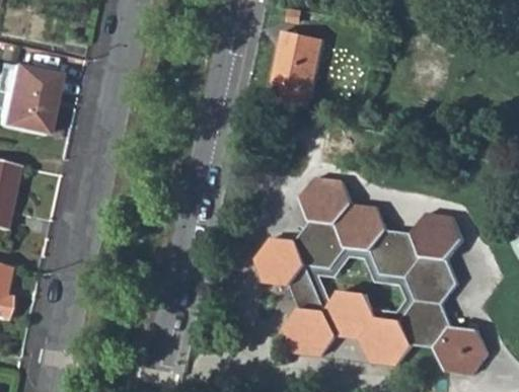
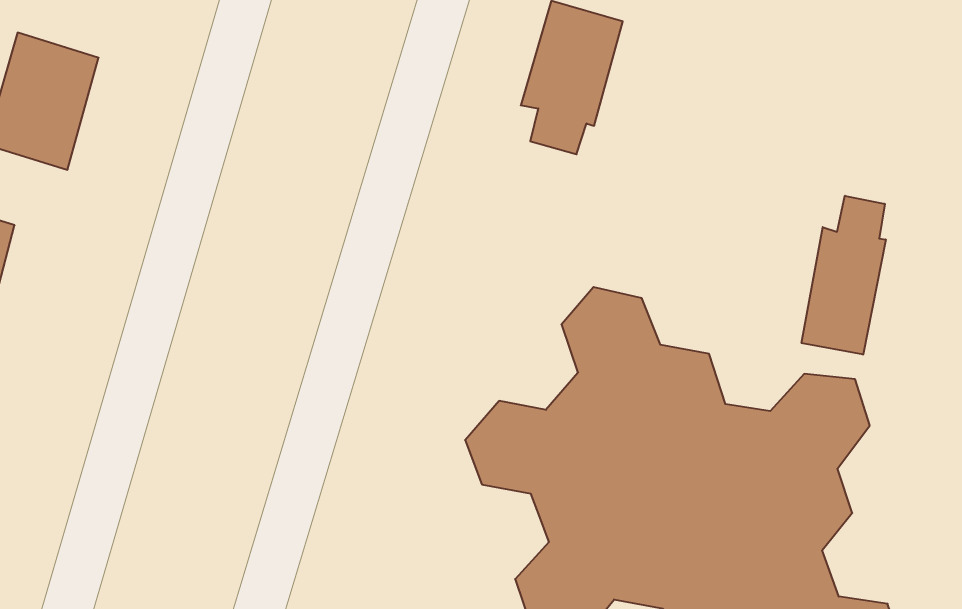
building: none -> [802,196,886,355]

